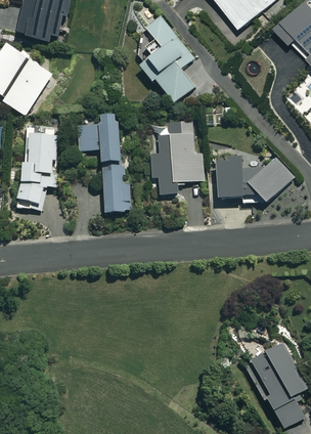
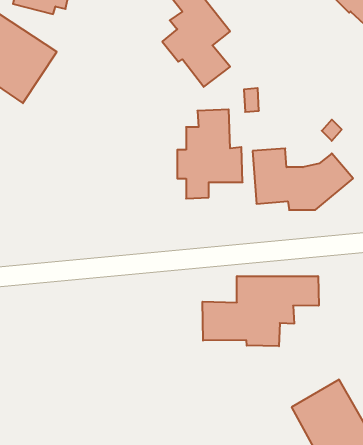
building: [77,115,131,213] -> none
building: [16,126,59,210] -> none
building: none -> [203,276,319,346]

